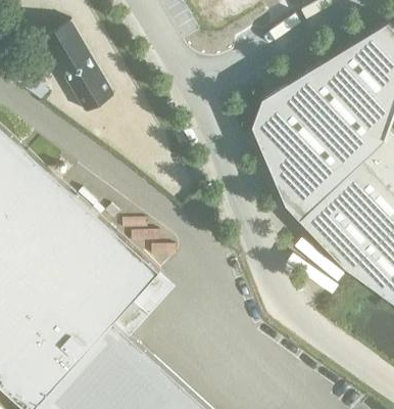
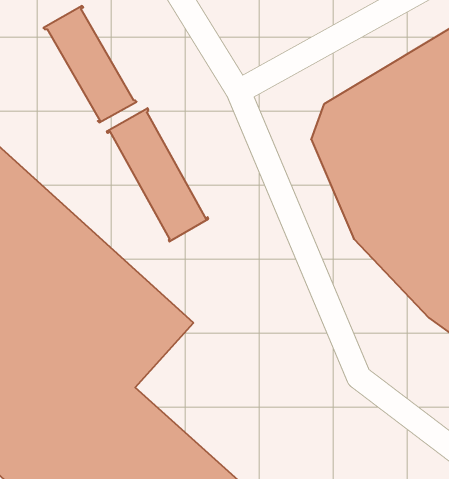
building: none -> [107,108,208,242]

